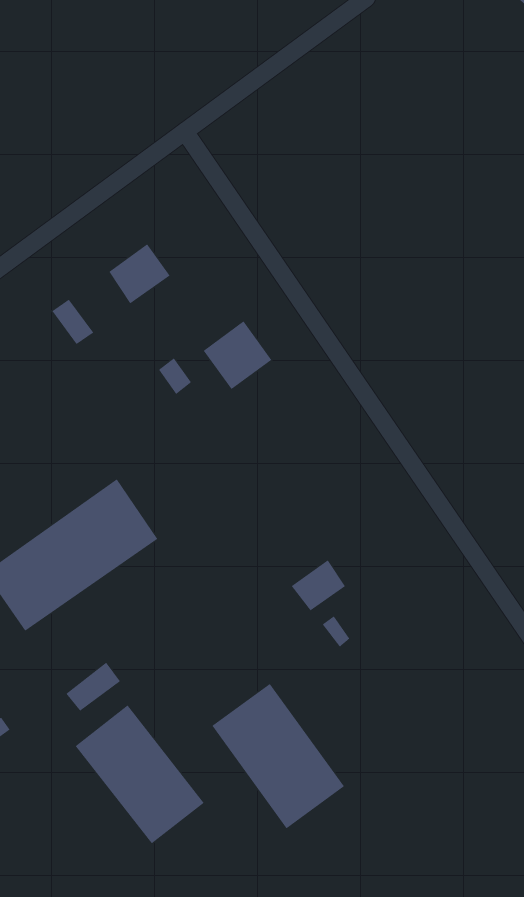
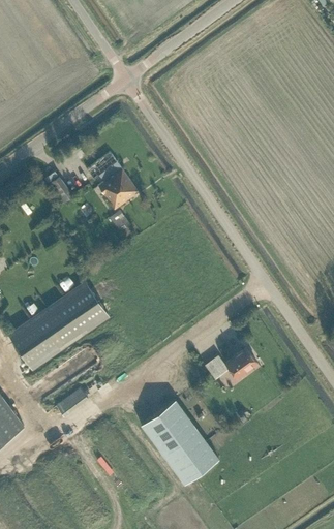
building: [203,321,272,390] -> [98,169,139,210]
building: [291,560,346,611] -> [225,349,257,379]
building: [75,705,204,844] -> none

